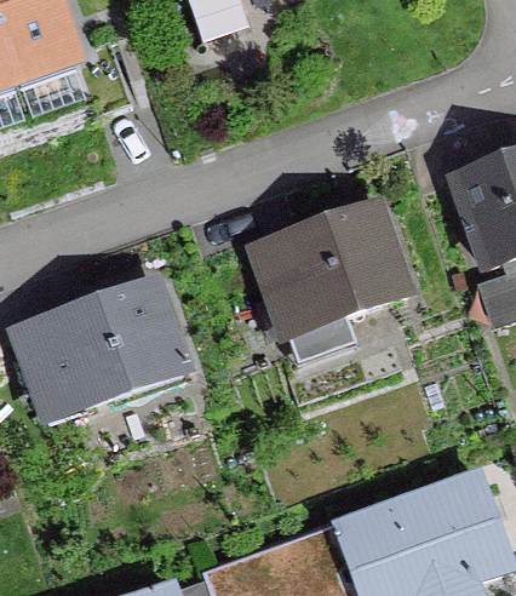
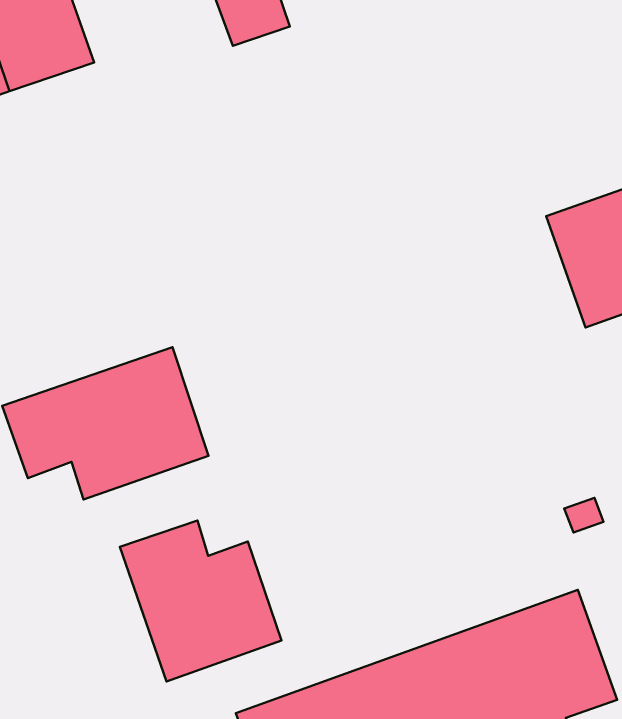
building: [251,206,402,331] -> none
building: none -> [120,521,282,681]

